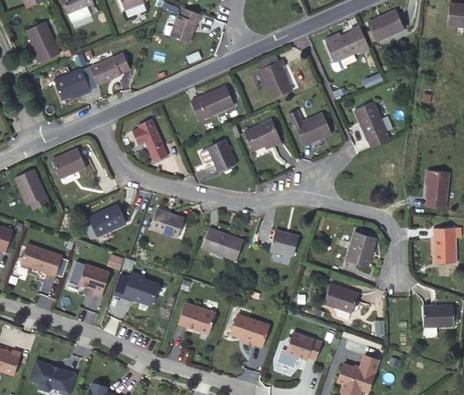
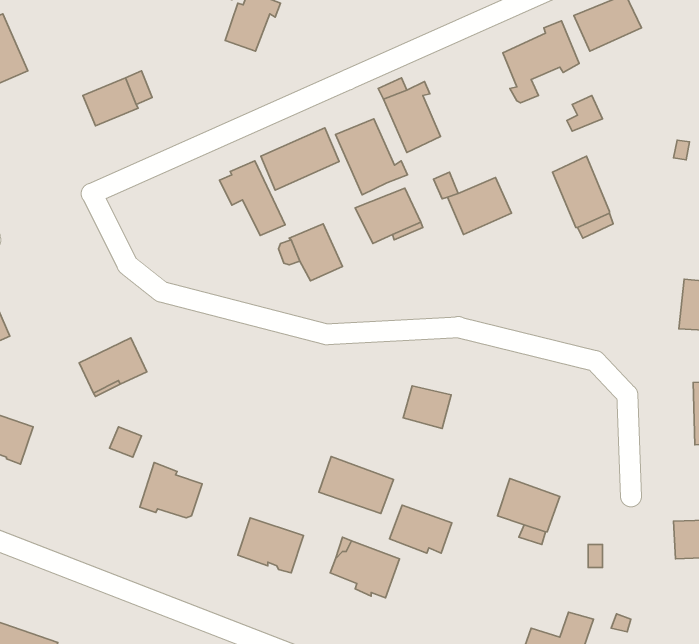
building: [54,69,91,99] -> none
building: none -> [335,119,408,195]
building: [132,119,169,161] -> [219,161,285,236]
building: [52,148,86,178] -> none
building: [150,208,184,238] -> none
building: [202,227,244,259] -> [319,457,393,513]
building: [347,232,376,265] -> none
building: [79,265,109,297] -> none
building: [285,334,320,361] -> [390,505,452,553]

